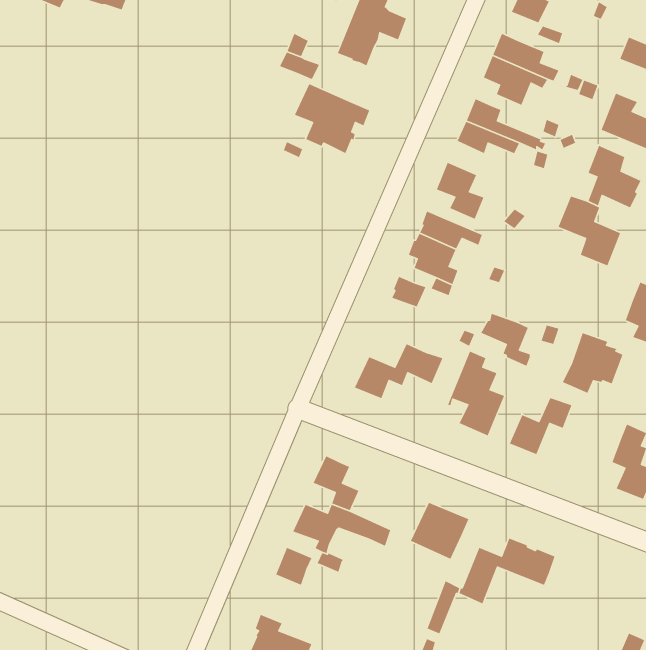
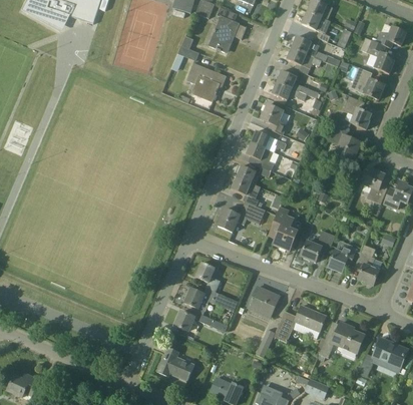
building: [480,313,531,367] -> [232,177,259,207]
building: [562,332,623,394] -> [328,240,361,273]
building: none -> [319,322,365,358]

